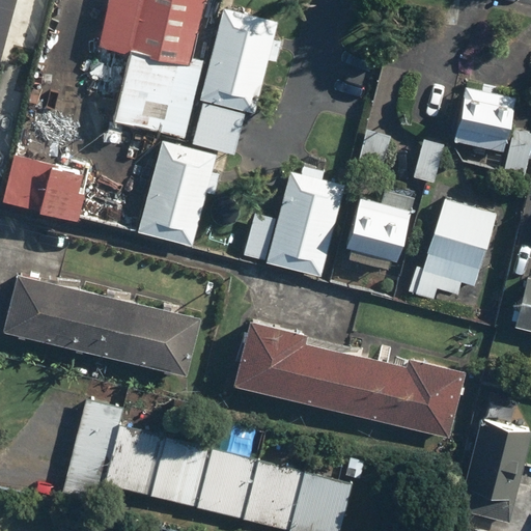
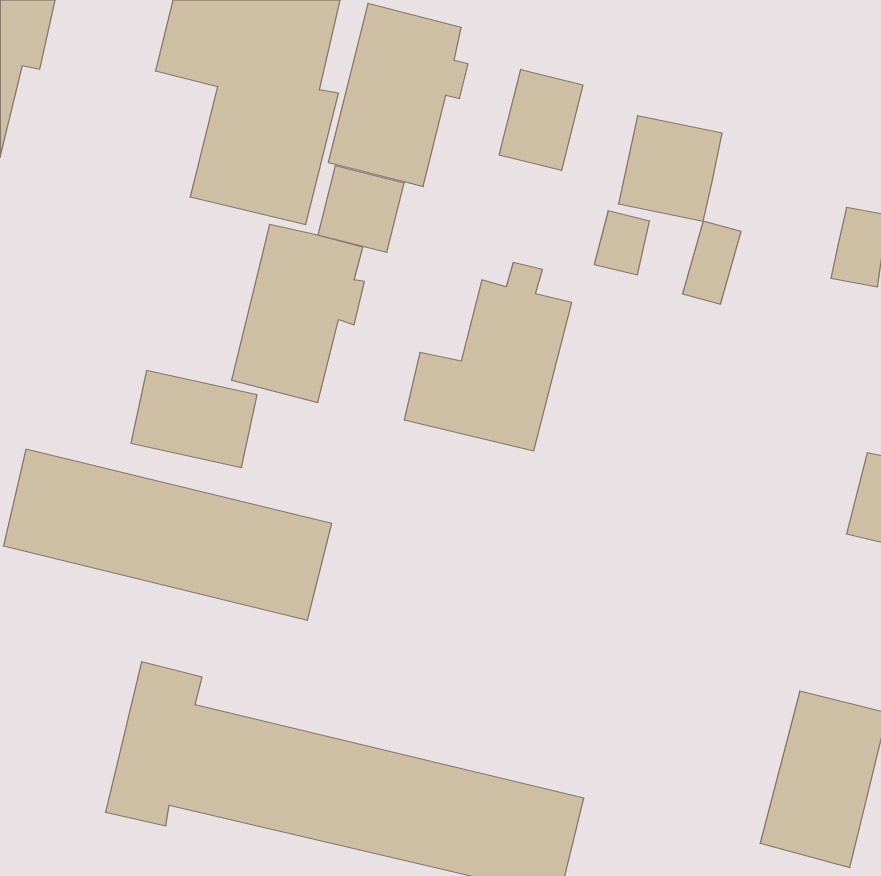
building: none -> [499,69,583,171]
building: [453,88,515,151] -> [618,116,722,221]
building: [10,160,86,218] -> [131,371,257,467]
building: [342,191,414,273] -> none
building: [401,198,492,299] -> none
building: [234,322,466,438] -> none

